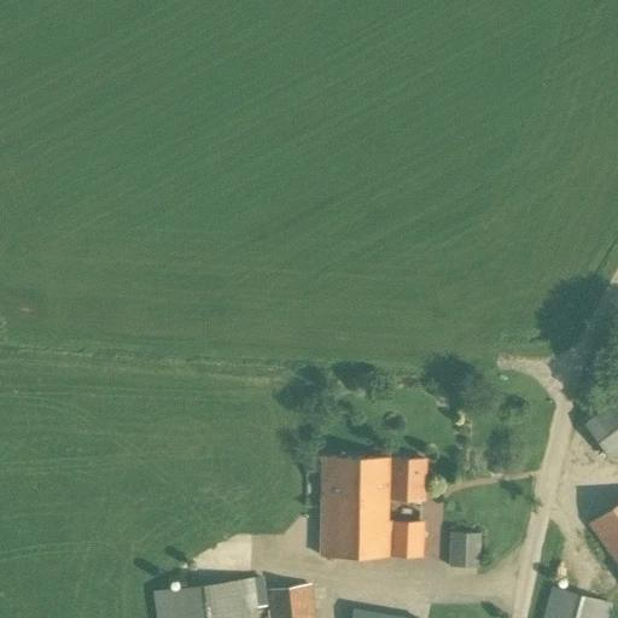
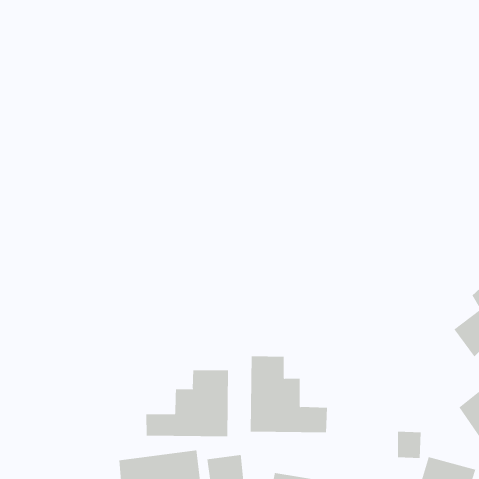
building: [367,460,425,501] -> none
building: none -> [146,370,229,437]
building: [450,534,482,569] -> [397,431,421,459]

